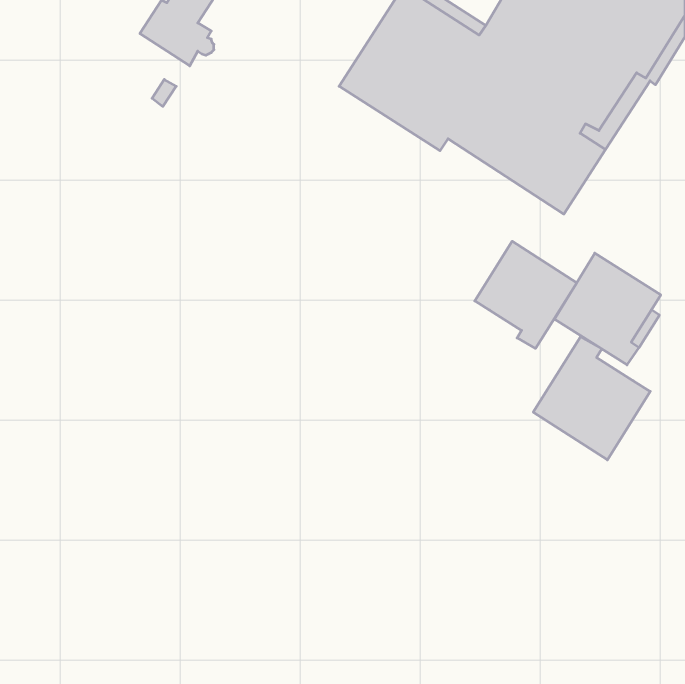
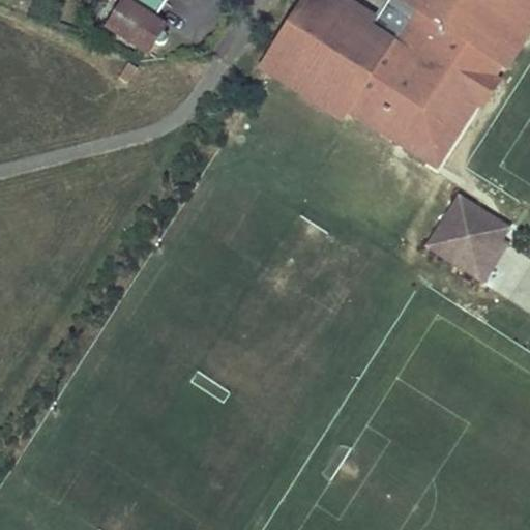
building: [475,241,577,348] -> none
building: [533,337,650,460] -> none

